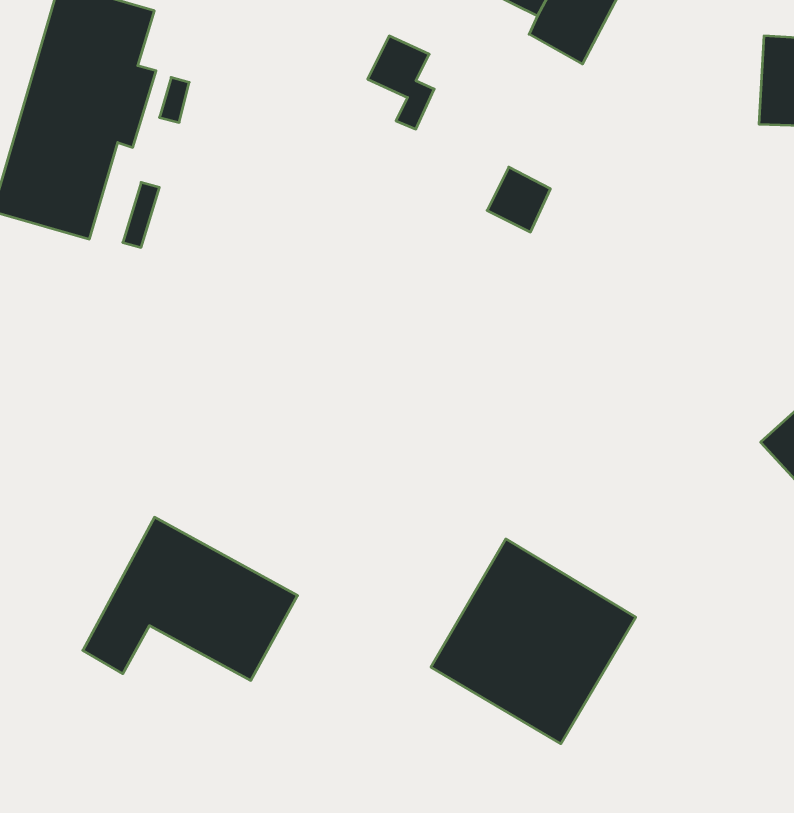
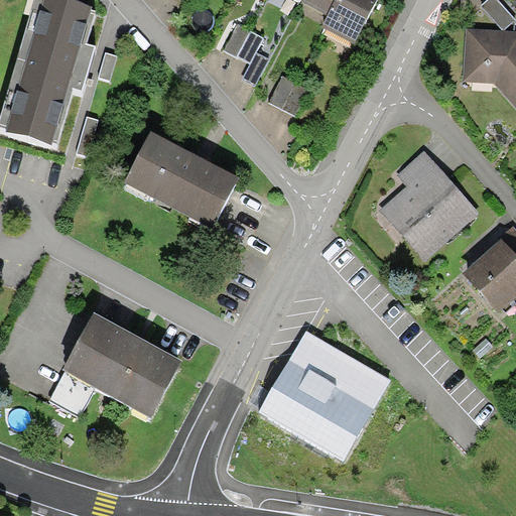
building: [487,167,550,232] -> [267,75,305,114]
building: none -> [129,137,233,223]
building: none -> [381,149,475,253]

